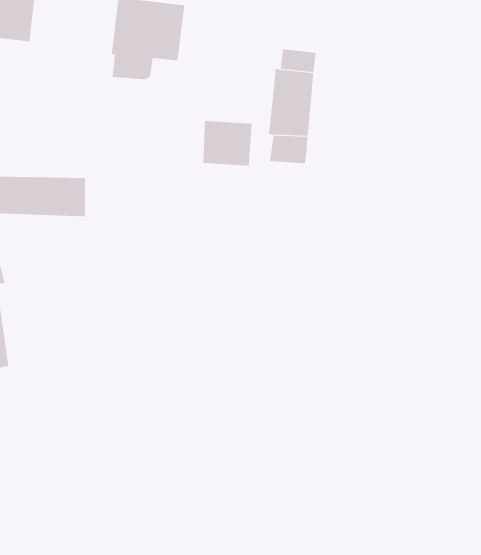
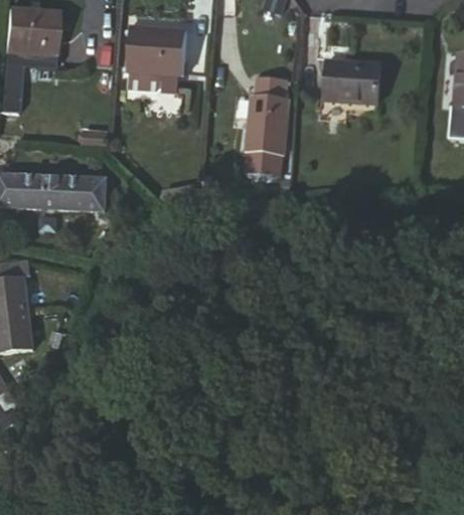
building: none -> [331,62,385,108]
building: [203,120,252,167] -> none

